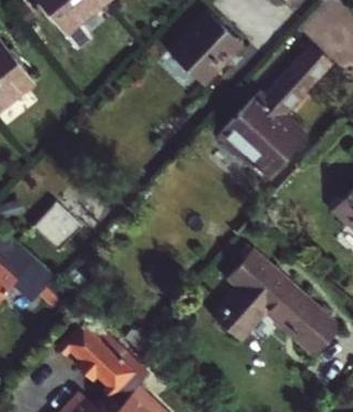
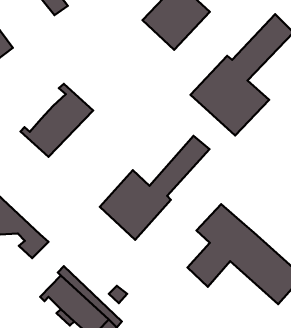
building: none -> [21,84,93,157]
building: none -> [100,136,209,240]
building: [34,202,81,250] -> none

